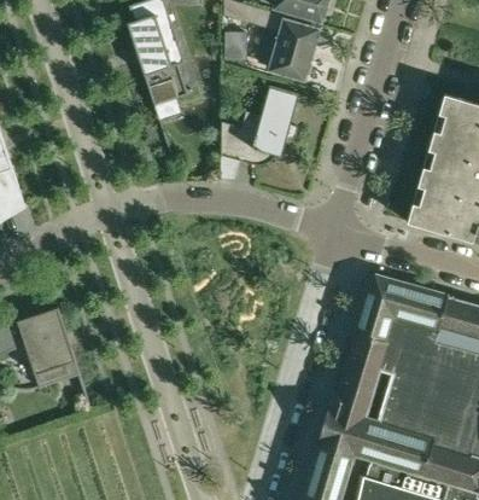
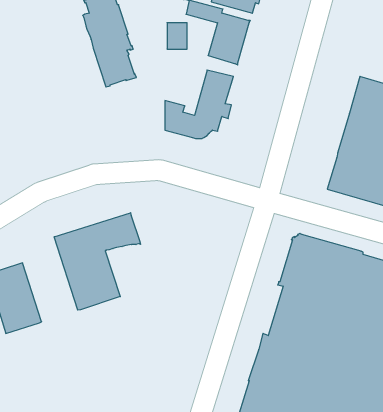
building: none -> [54,213,140,310]

